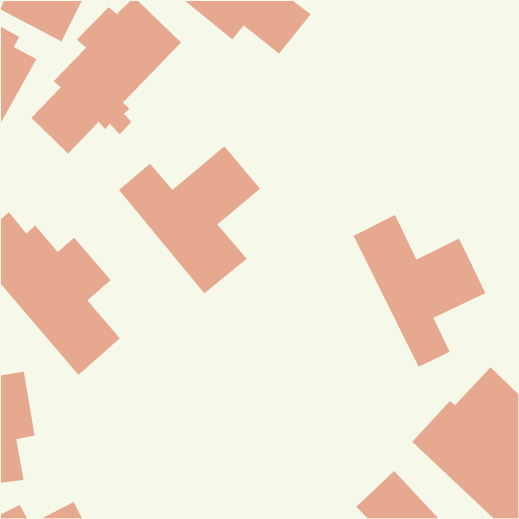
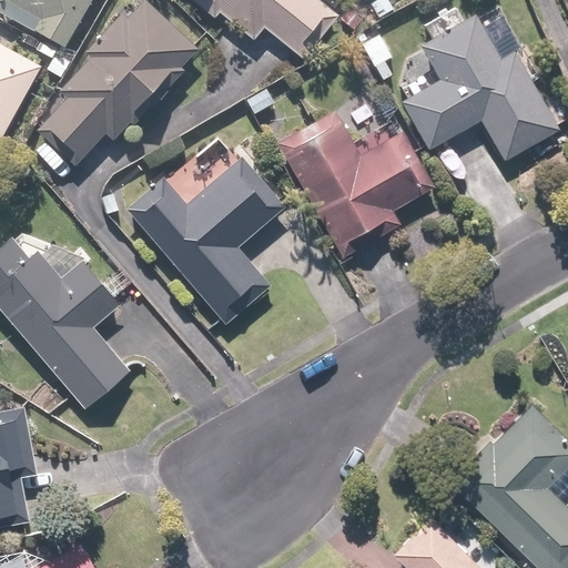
building: none -> [396,10,561,160]
building: none -> [276,108,433,258]
building: [353,214,487,368] -> none

